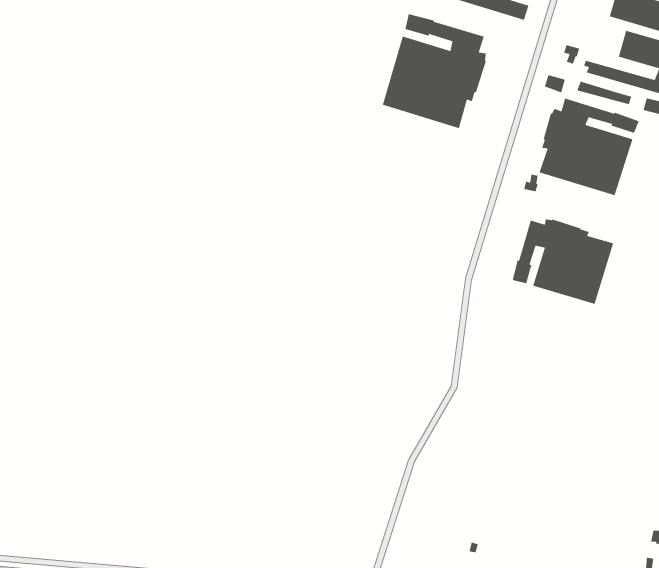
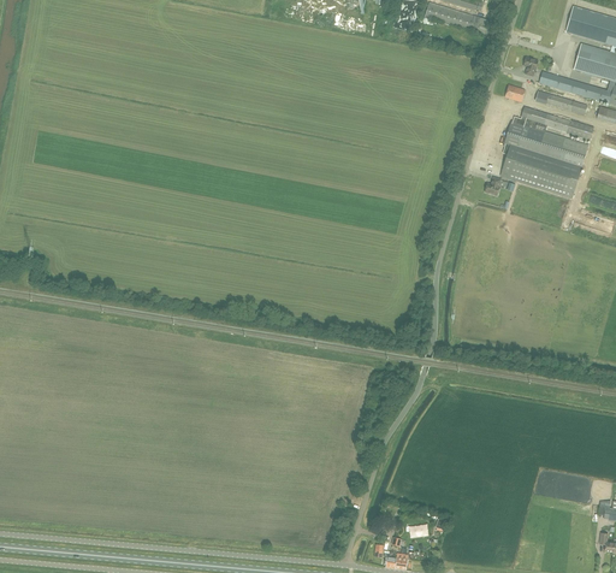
building: [382,13,487,129] -> none
building: [512,218,614,305] -> none

